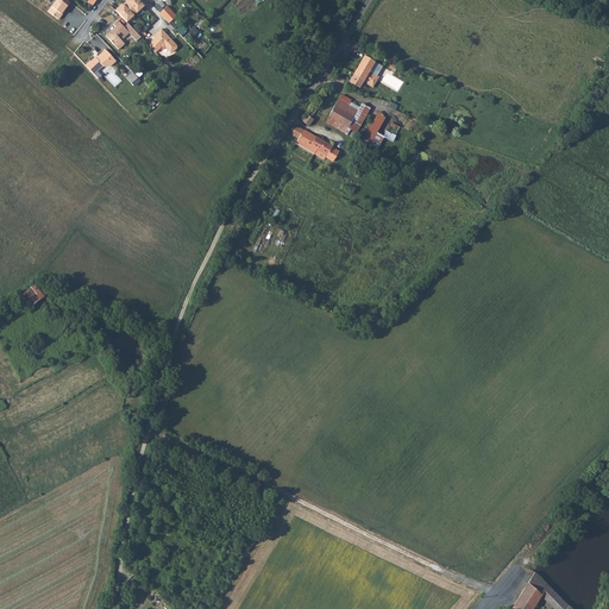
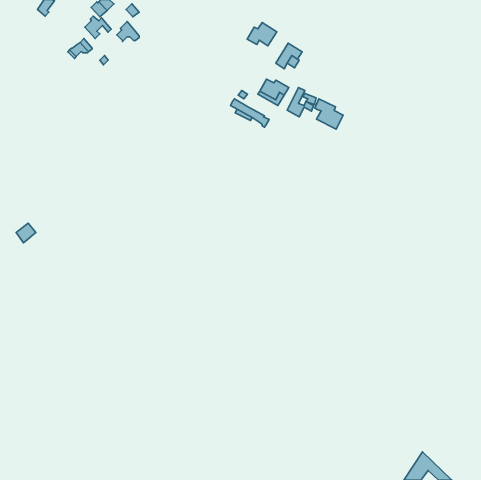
building: none -> [247,23,277,46]
building: none -> [315,99,343,129]

